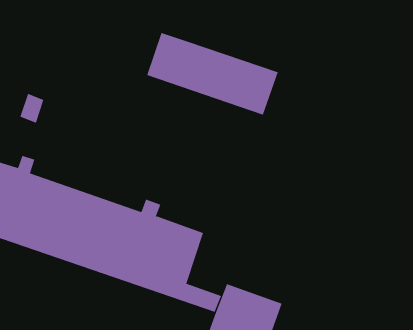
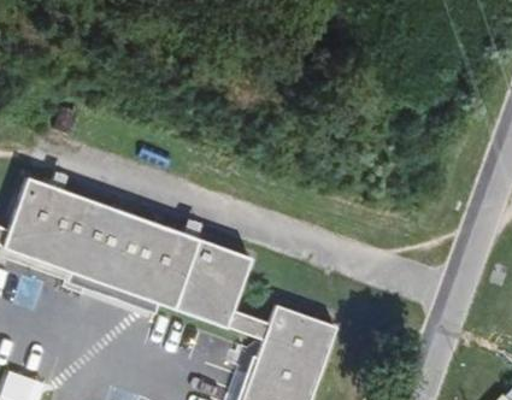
building: [146,32,279,116] -> none

